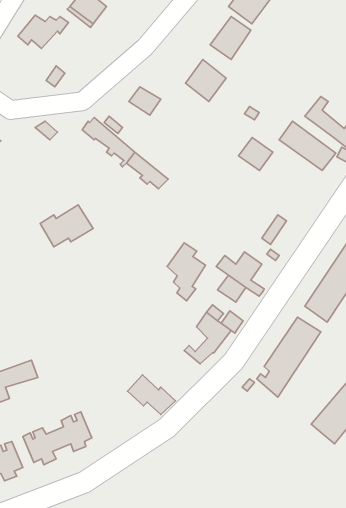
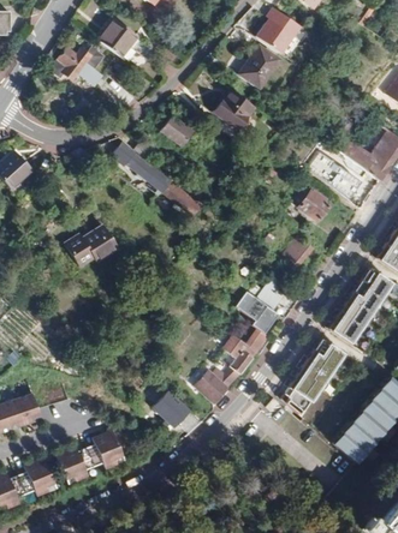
building: [238,137,273,171] -> [296,186,329,218]
building: [167,243,206,301] -> none
building: none -> [196,371,228,403]

